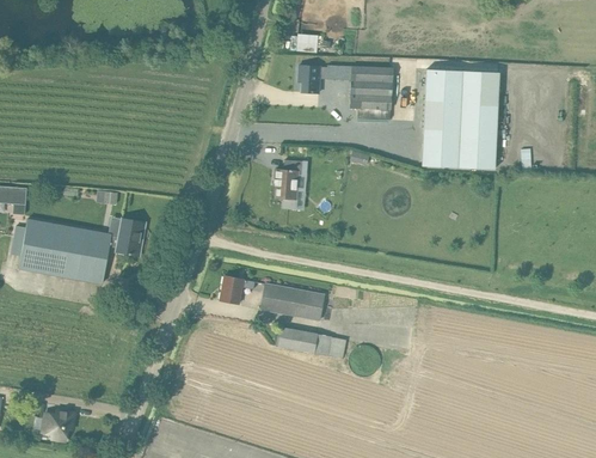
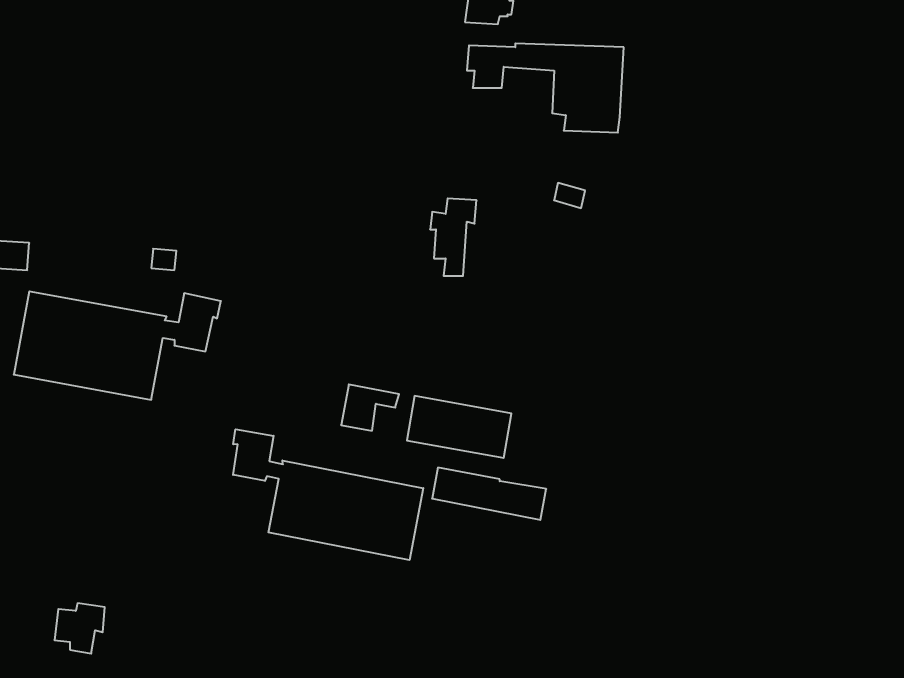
building: [420,69,498,170] -> none
building: none -> [233,429,423,560]

